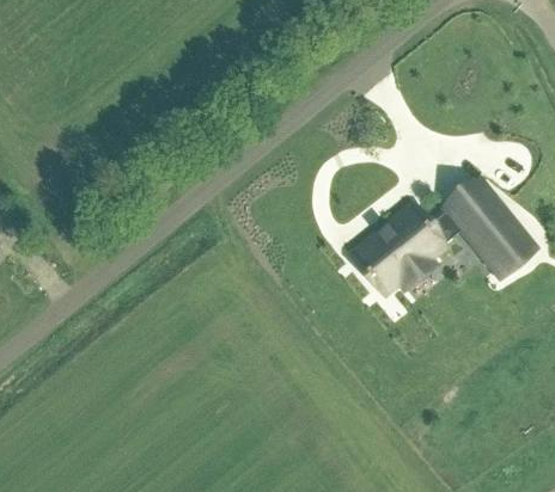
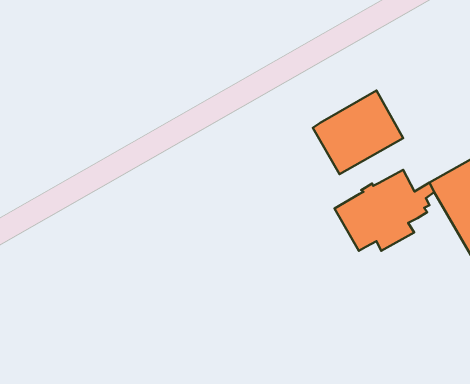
building: none -> [313,91,403,174]

